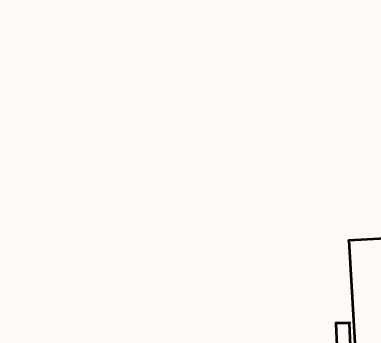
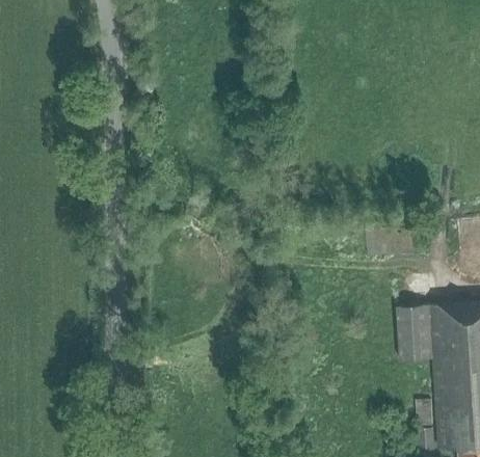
building: none -> [397,306,432,361]

